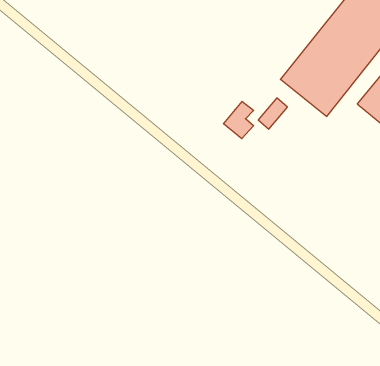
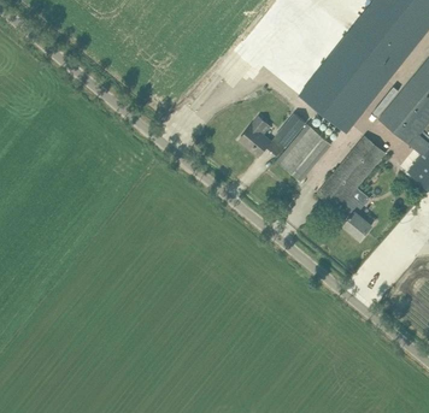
building: none -> [277,124,331,179]
building: none -> [317,136,384,240]

